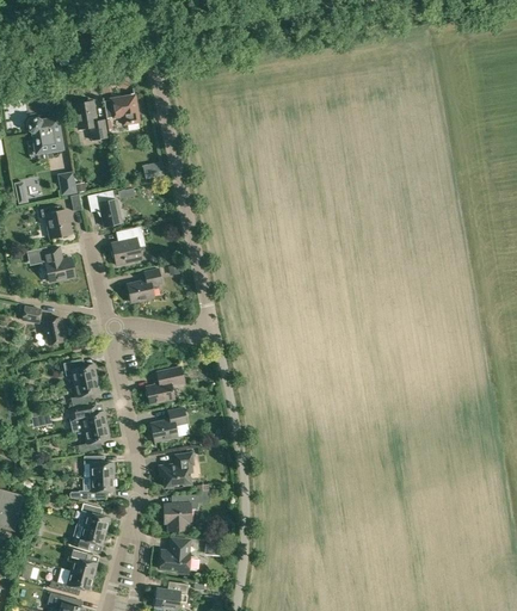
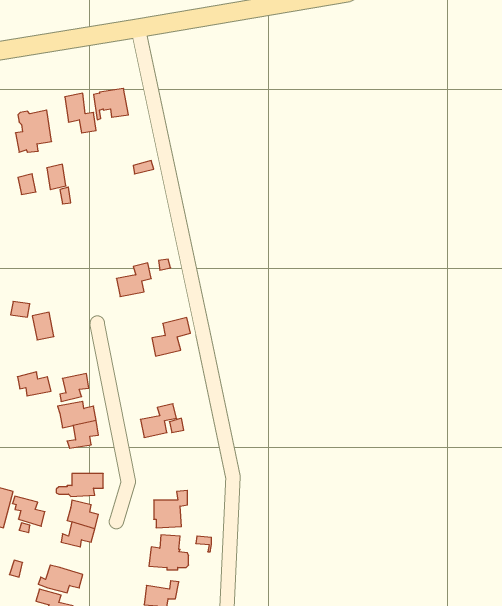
building: [87,190,121,227] -> none
building: [39,205,69,239] -> none
building: [111,227,144,265] -> none
building: [26,247,74,282] -> none
building: [63,359,97,383] -> [17,372,51,396]
building: [146,366,184,405] -> [152,318,190,356]
building: [159,452,193,487] -> none
building: [84,456,113,477] -> none
building: [64,548,97,578] -> [12,496,45,526]

